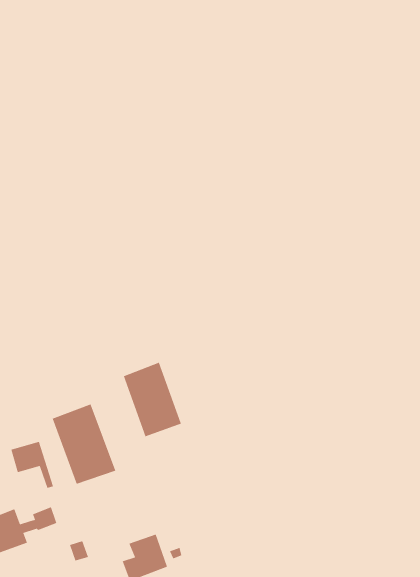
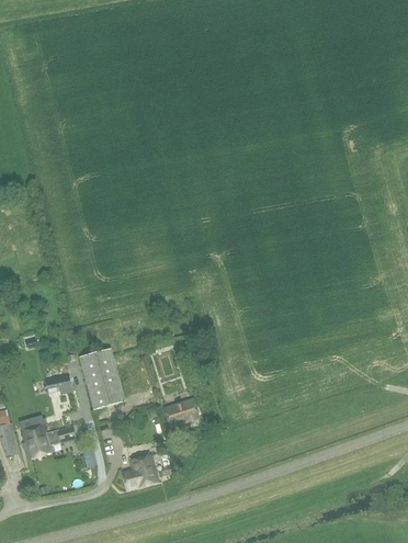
building: [123,362,182,437] -> none
building: none -> [163,398,199,425]

